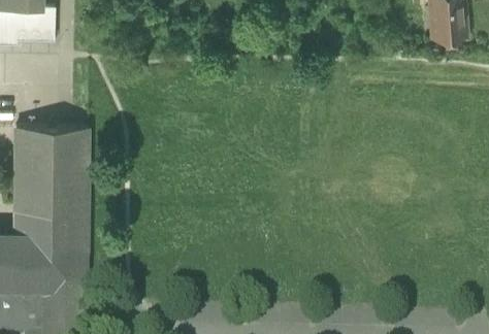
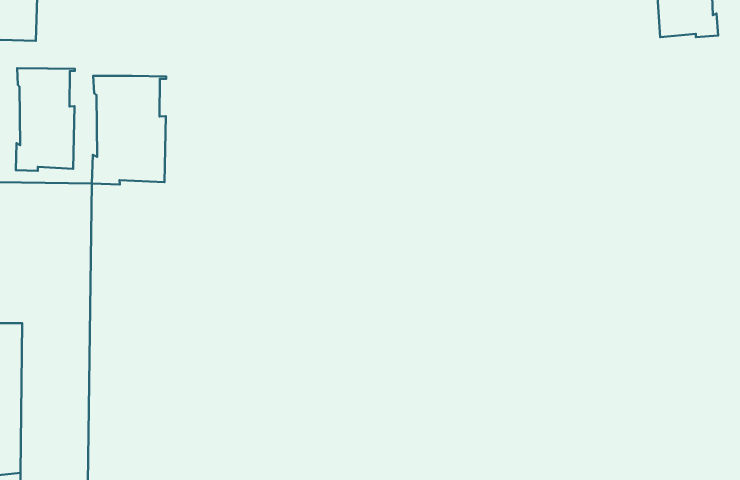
building: none -> [16,68,75,171]
building: none -> [92,76,166,184]

